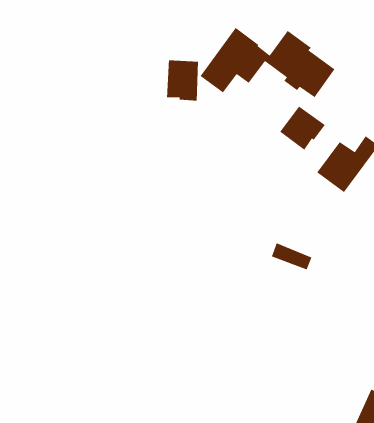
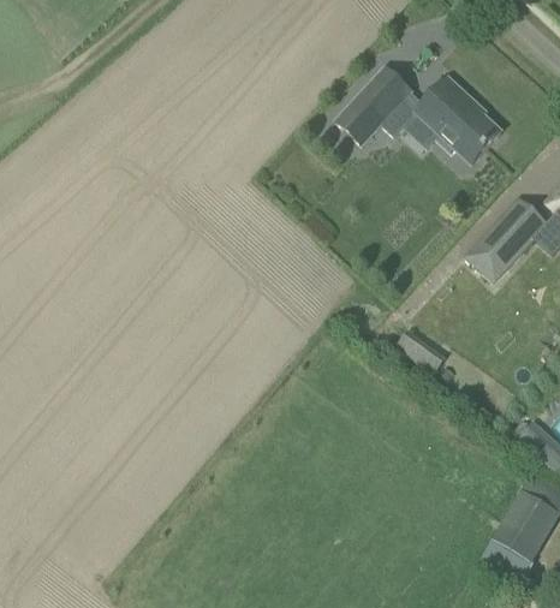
building: [166,59,199,102] -> none
building: [279,106,326,151] -> none

